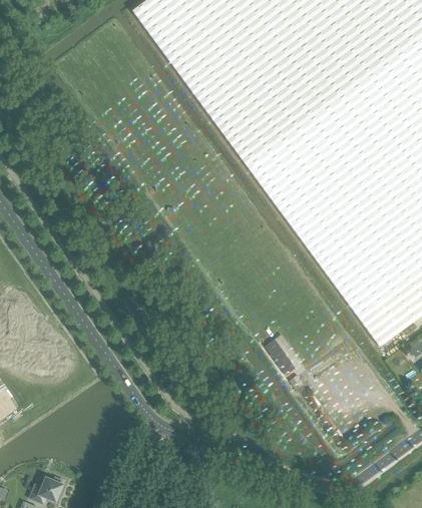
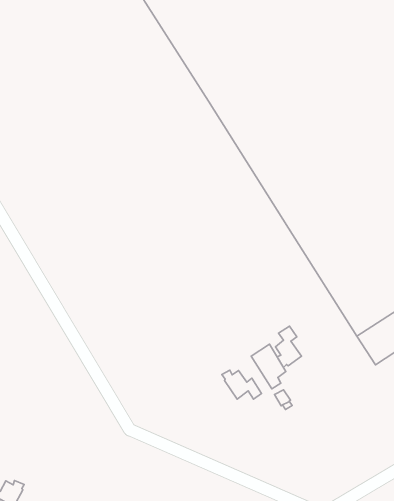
building: none -> [275,326,301,367]
building: none -> [222,370,261,399]

